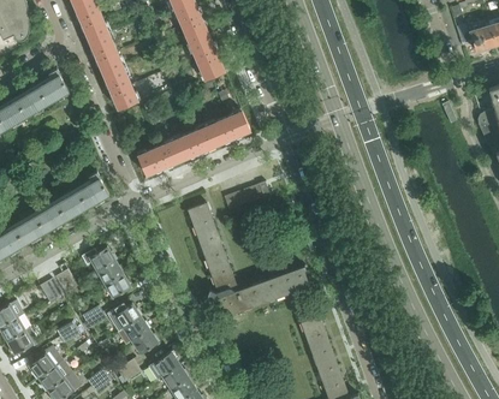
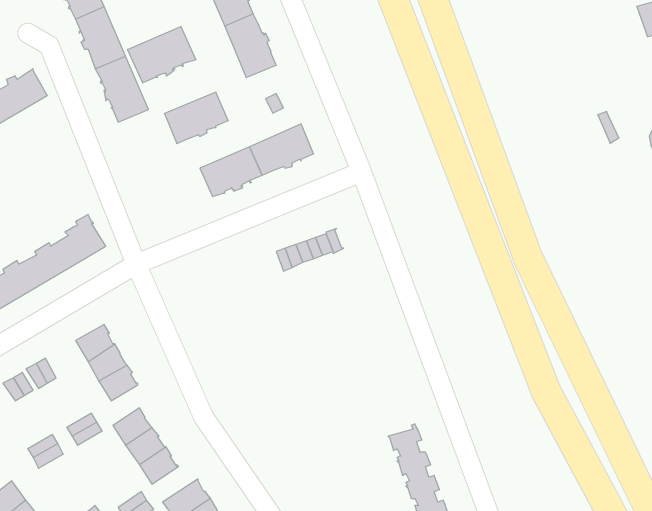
building: none -> [128,26,196,83]
building: [138,141,182,175] -> [164,92,228,144]
building: [188,203,309,316] -> none

